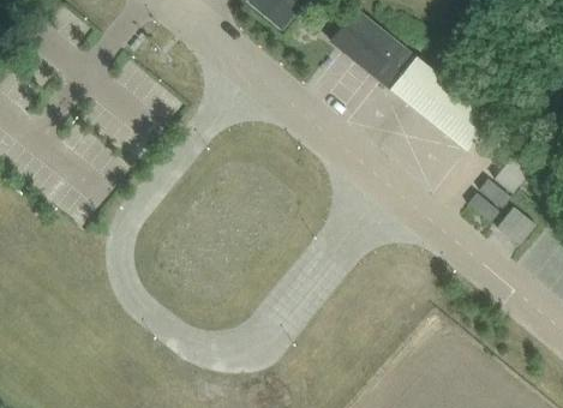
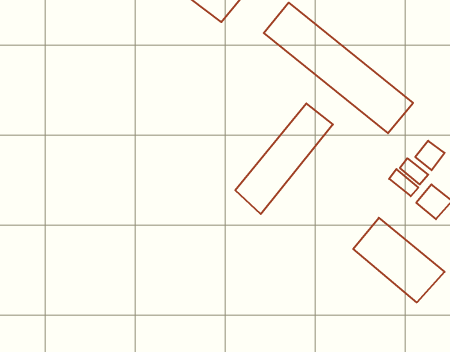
building: none -> [235,103,333,214]
building: none -> [353,218,445,302]

